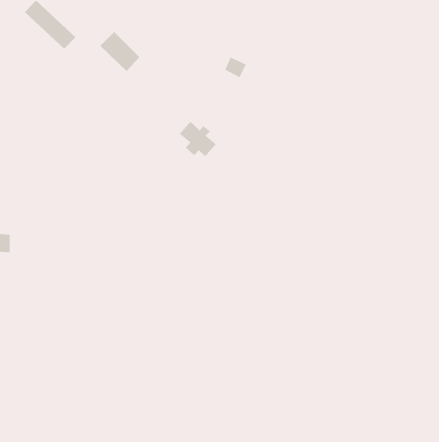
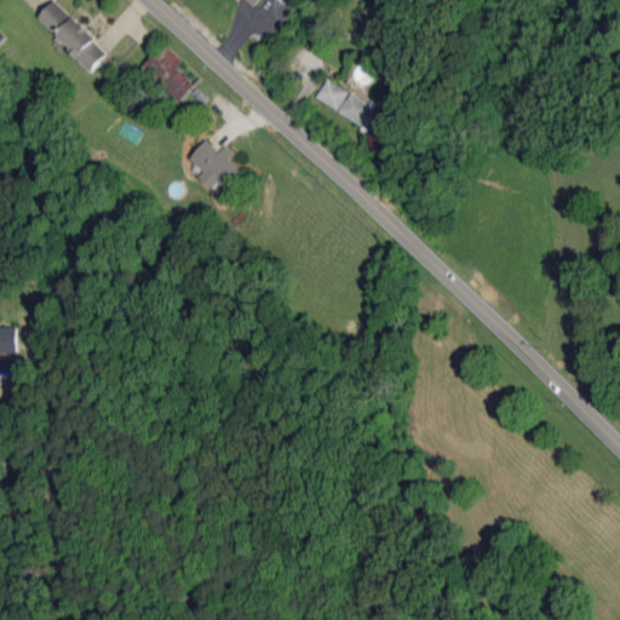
building: none -> [335,93,384,134]
building: [179,121,217,157] -> [186,140,240,191]

